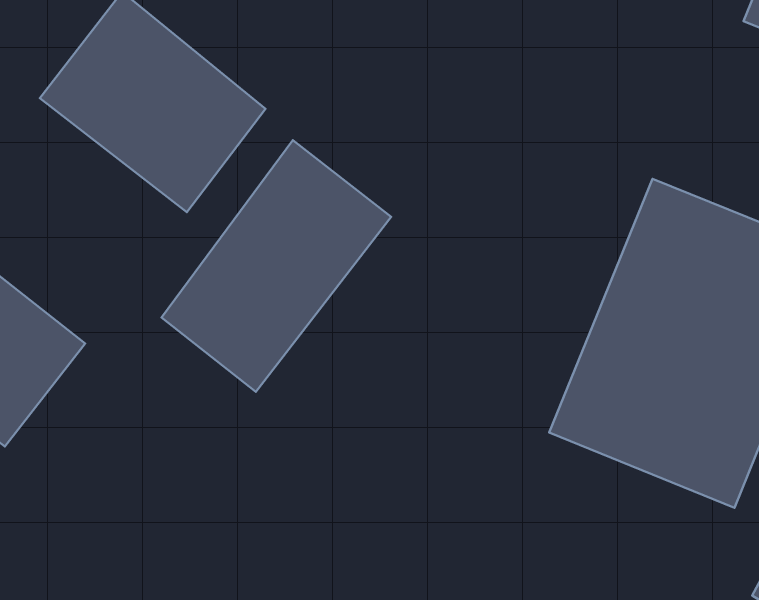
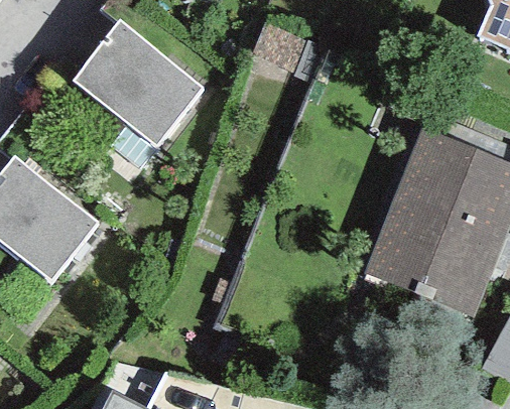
building: [162,140,391,392] -> none

